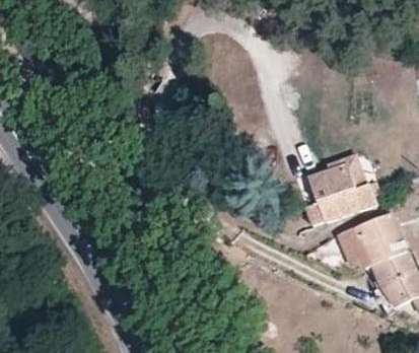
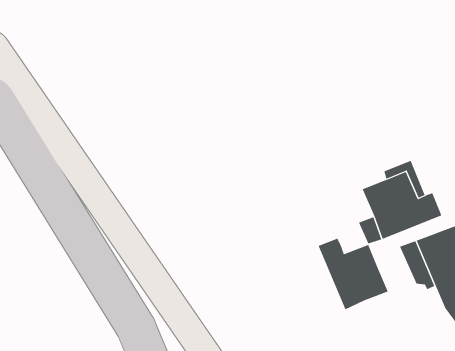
building: none -> [318,238,389,310]

